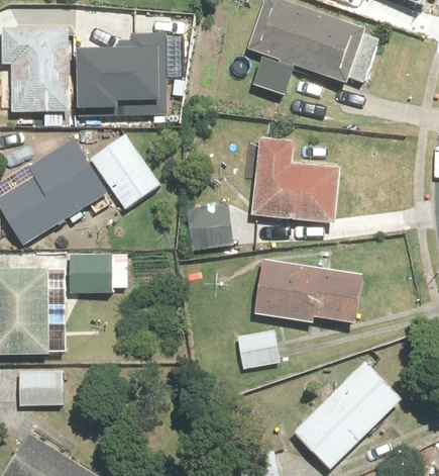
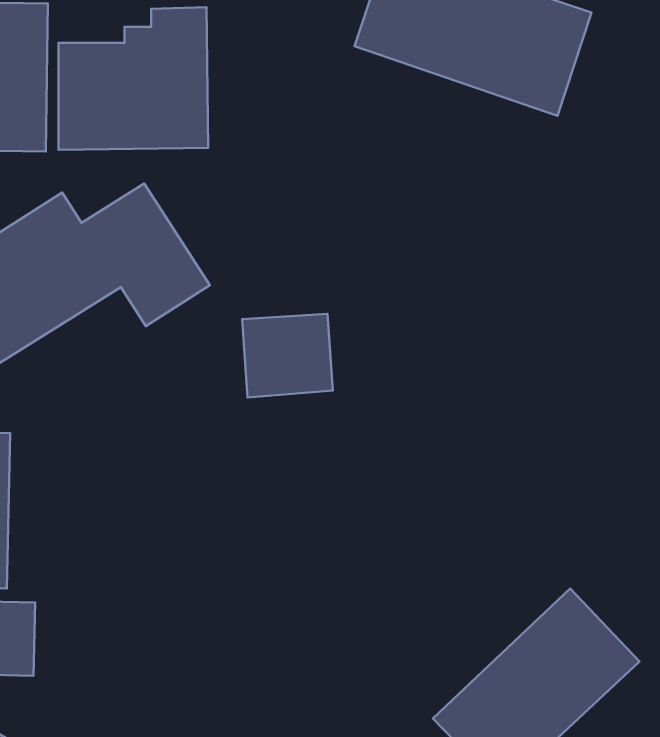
building: [248,136,345,218] -> none
building: [67,253,114,298] -> none
building: [254,262,366,326] -> none
building: [234,330,280,368] -> none

